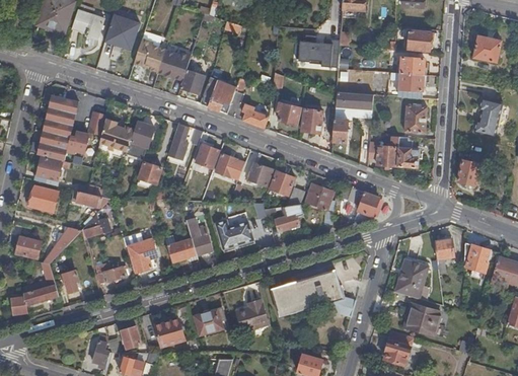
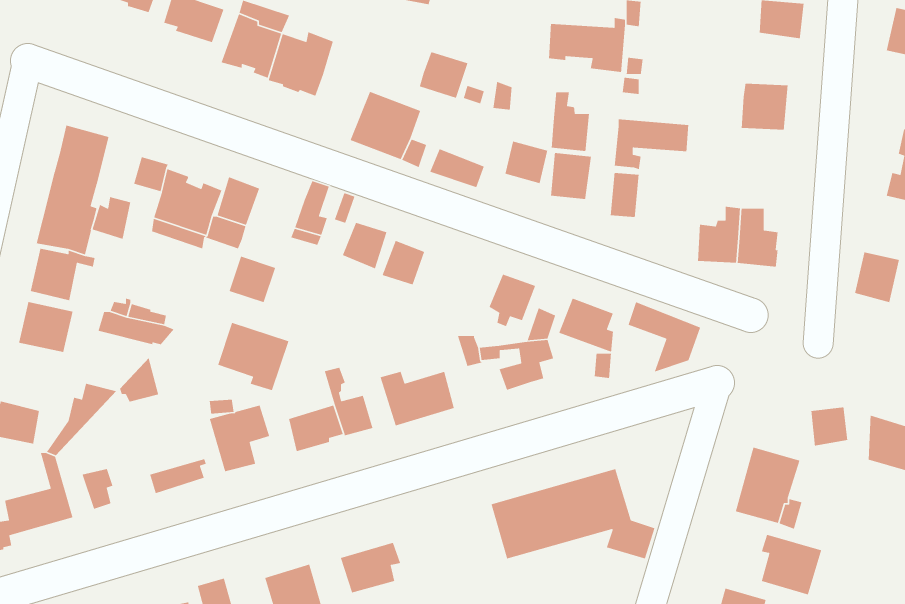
building: [400,57,424,74] -> none
building: [179,69,205,93] -> [419,51,468,99]
building: none -> [551,91,590,152]
building: [403,105,427,133] -> none
building: [247,162,275,186] -> none
building: none -> [217,322,290,391]
building: [235,300,268,331] -> none

